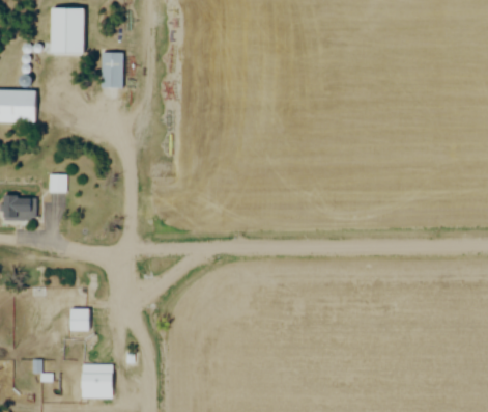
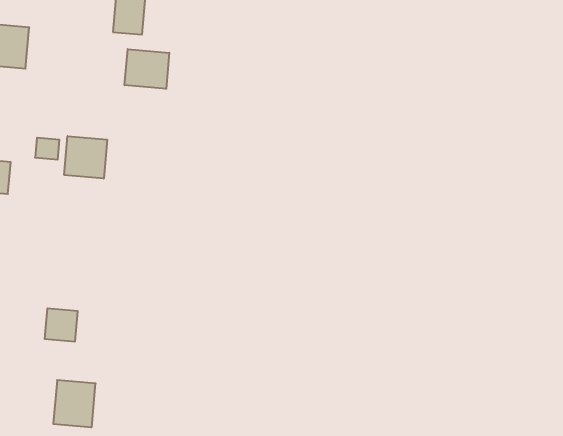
building: none -> [125,49,169,89]
building: none -> [64,136,107,179]

